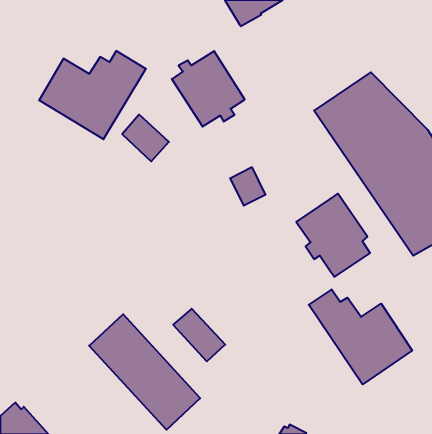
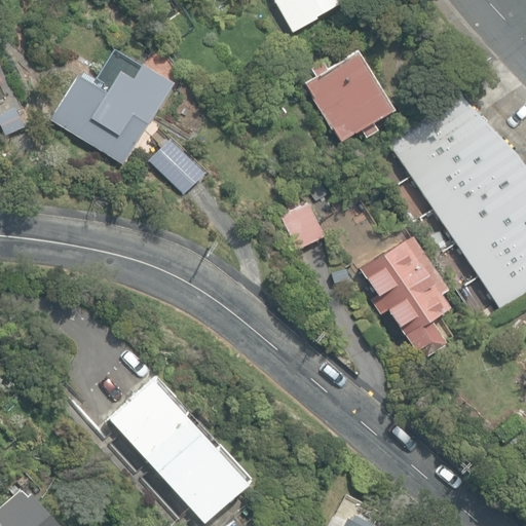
building: [172,51,245,127] -> [305,52,393,144]
building: [309,289,412,384] -> none
building: [173,309,225,361] -> none

